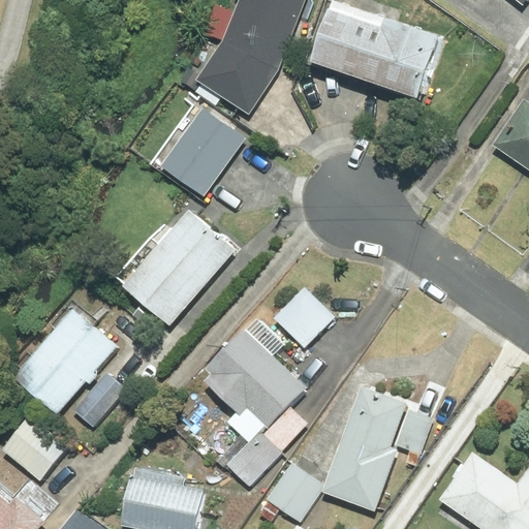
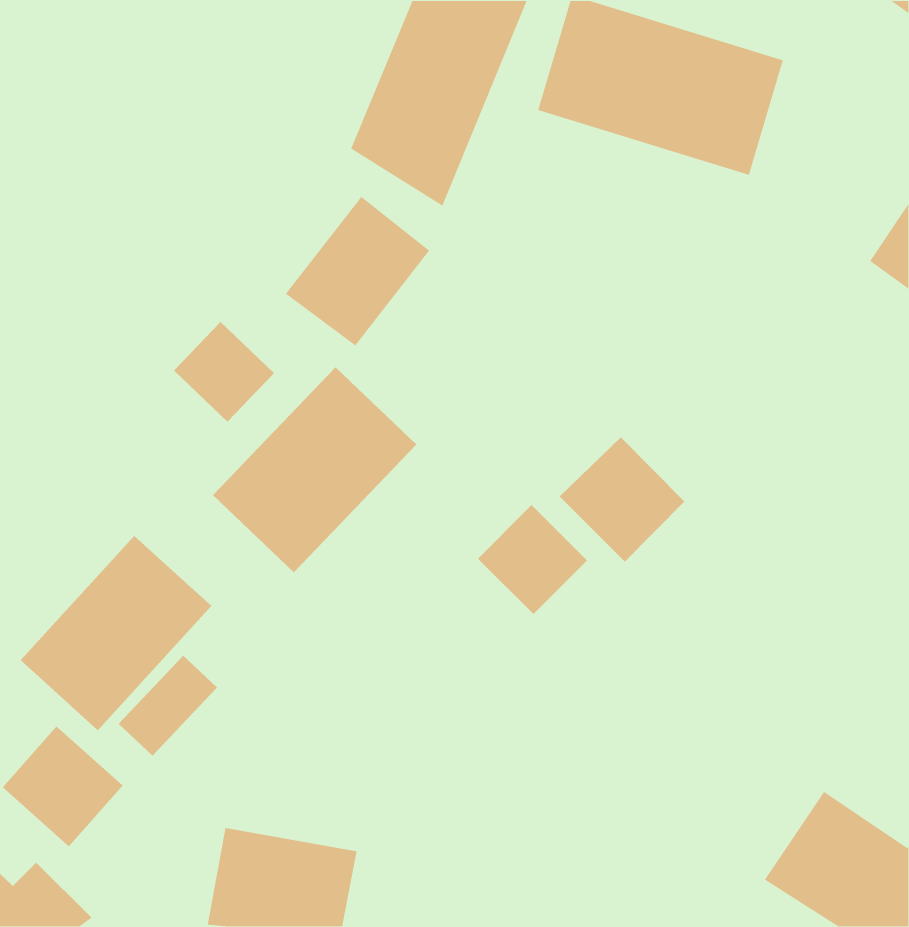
building: none -> [173,321,275,422]
building: none -> [559,437,685,562]
building: [199,324,311,490] -> none
building: [323,384,432,510] -> none
building: [255,463,320,524] -> none

